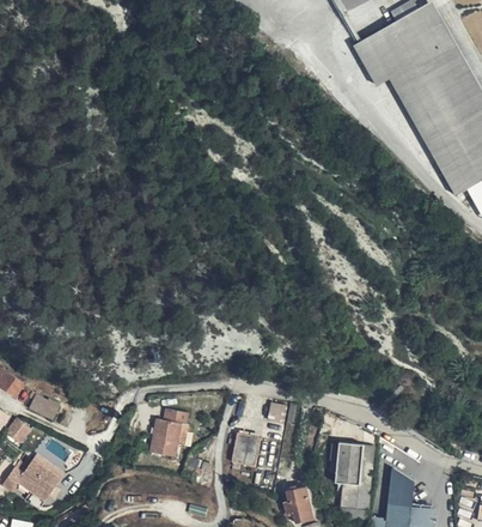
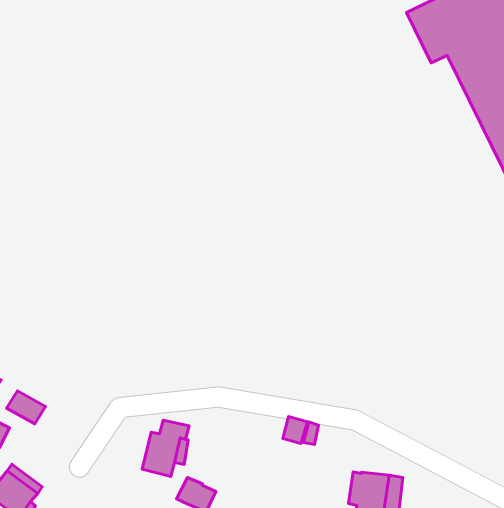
building: [231,432,258,466] -> none

